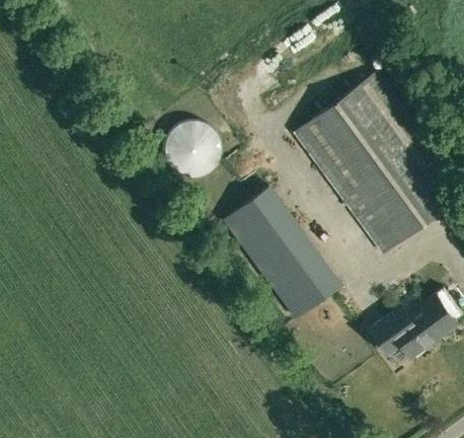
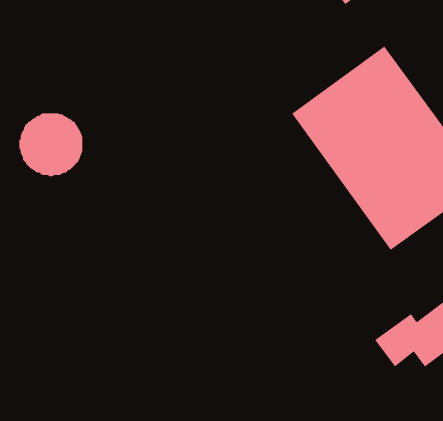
building: [163,122,220,178] -> [19,112,83,177]
building: [222,187,343,320] -> none

